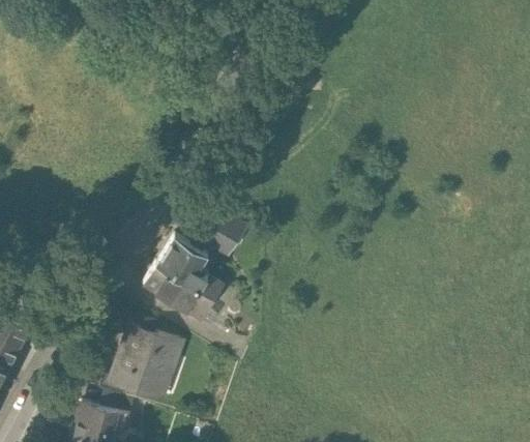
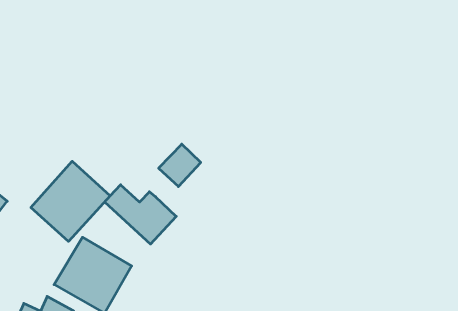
building: [156,236,206,279] -> none
building: none -> [31,161,110,241]

